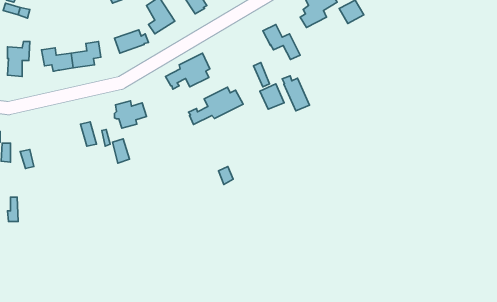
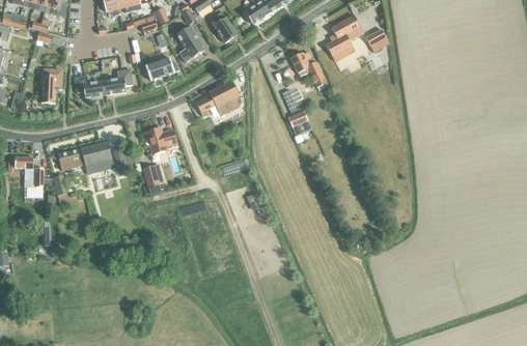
building: [282,76,310,111] -> none
building: [189,87,243,125] -> none
building: none -> [58,141,113,173]

